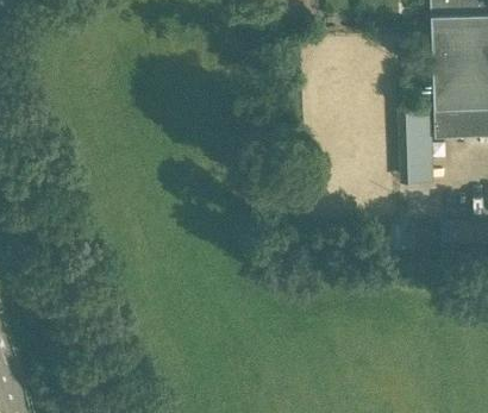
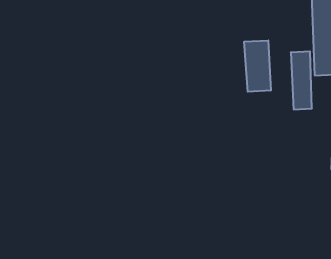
building: none -> [244,40,271,92]

